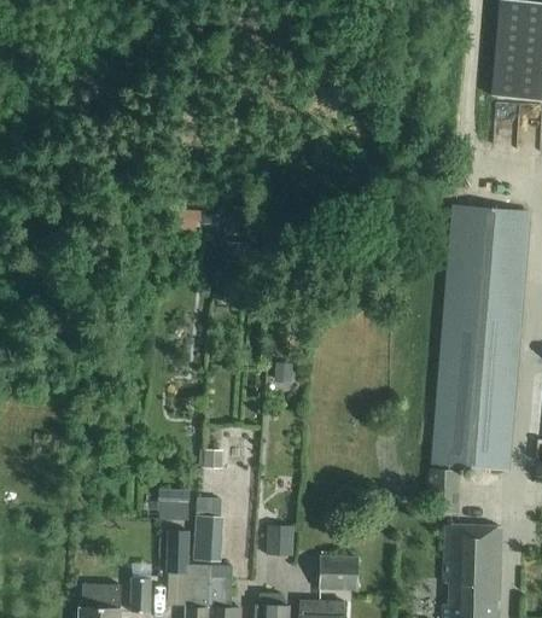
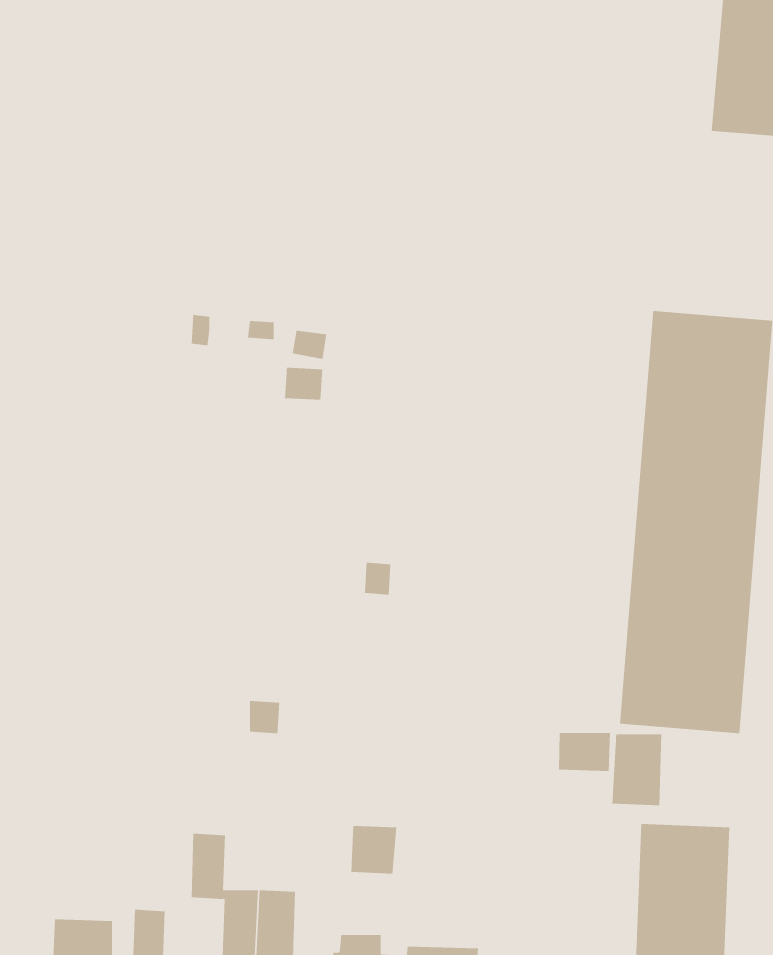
building: none -> [558,732,610,772]
building: [161,491,190,519] -> none
building: [194,497,226,562] -> none
building: [320,556,359,589] -> none

